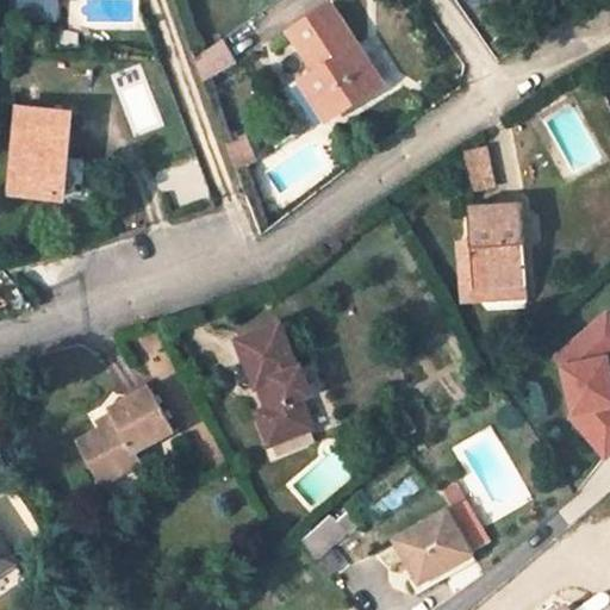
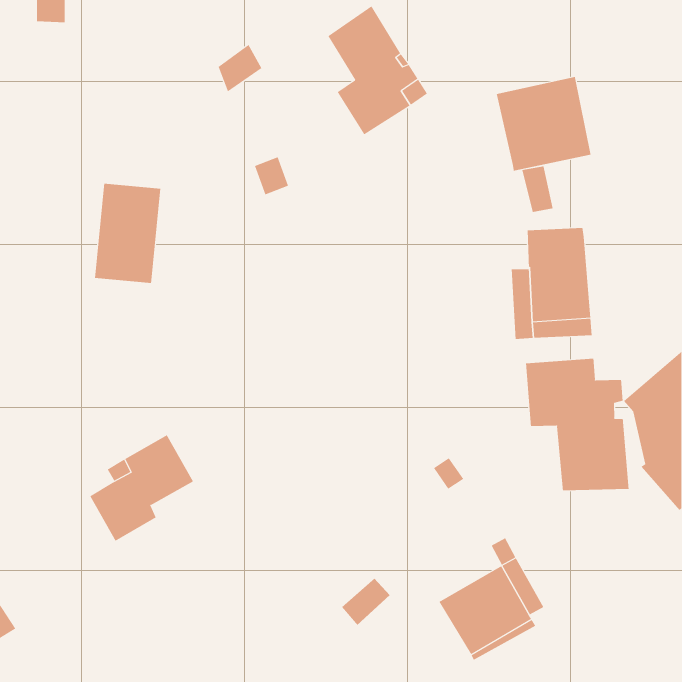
building: none -> [496,76,591,172]
building: [10,108,69,198] -> [94,183,161,283]
building: none -> [525,358,629,491]
building: [239,324,312,442] -> none

